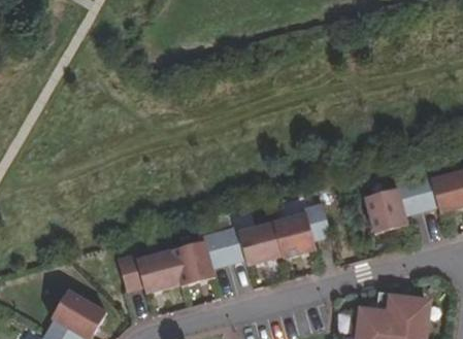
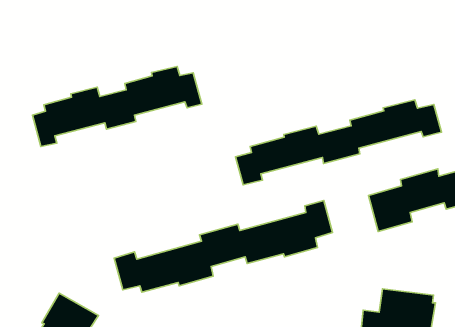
building: none -> [32,66,202,146]
building: none -> [236,100,441,185]

